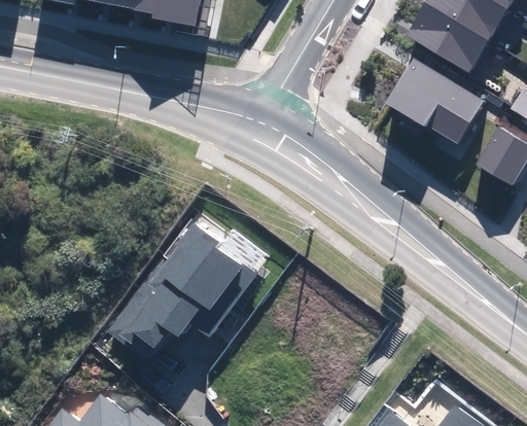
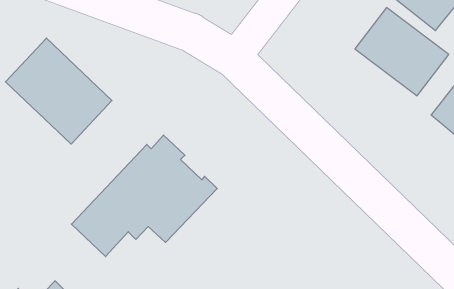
building: none -> [5,38,112,144]

